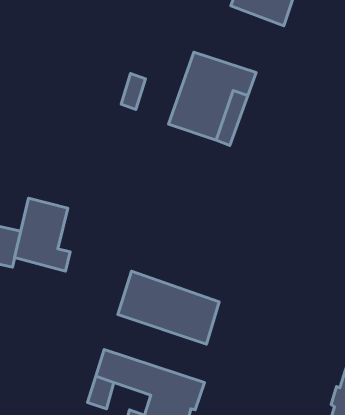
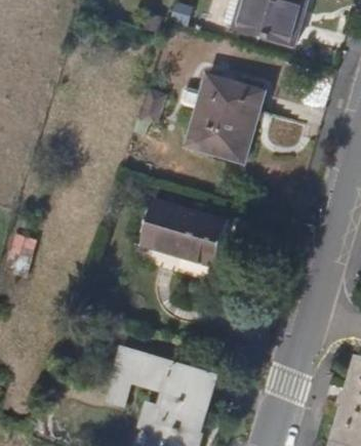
building: [15,198,70,271] -> none
building: [118,271,219,344] -> [144,201,242,272]

